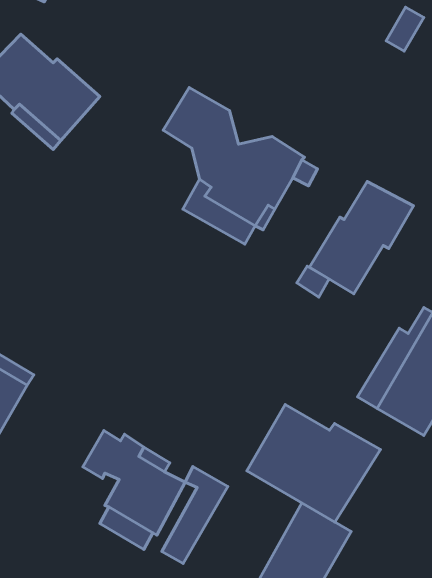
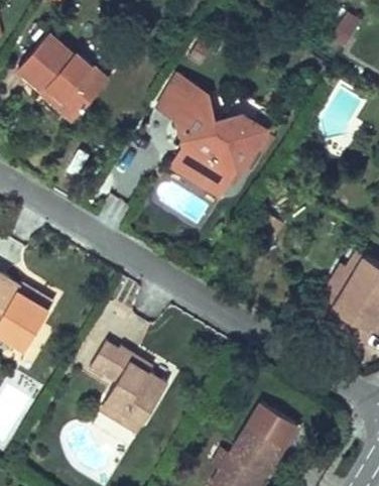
building: [310,182,413,294] -> none
building: [247,404,381,522] -> none
building: [162,466,228,564] -> none

